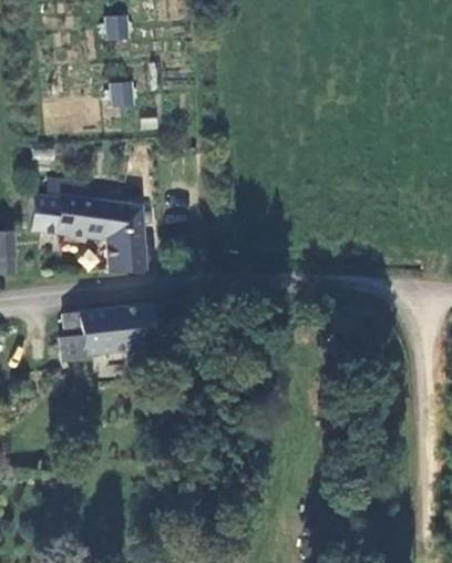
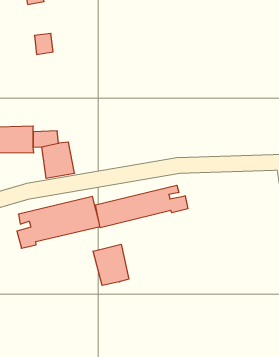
building: none -> [95,185,188,228]
building: none -> [93,244,129,285]

